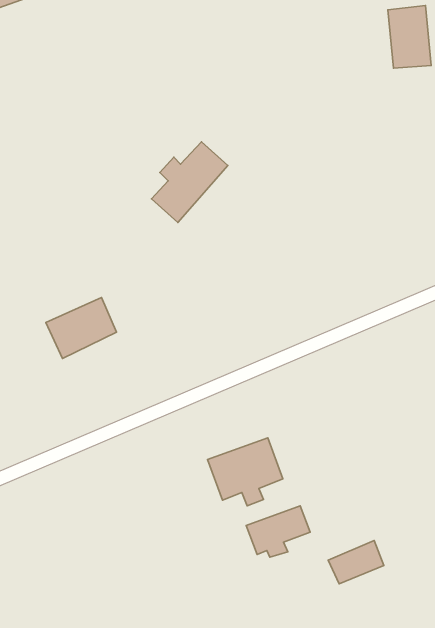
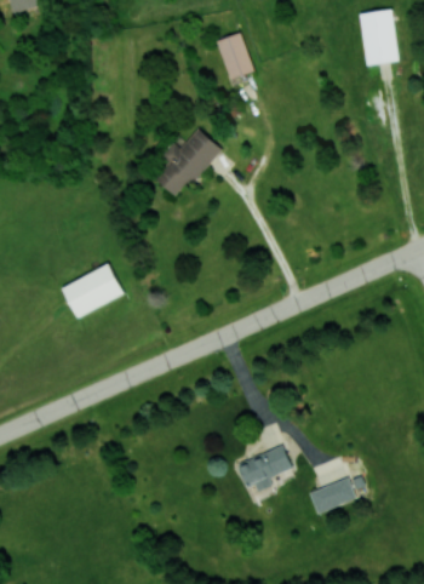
building: none -> [217,33,253,79]
building: [208,438,283,506] -> none

